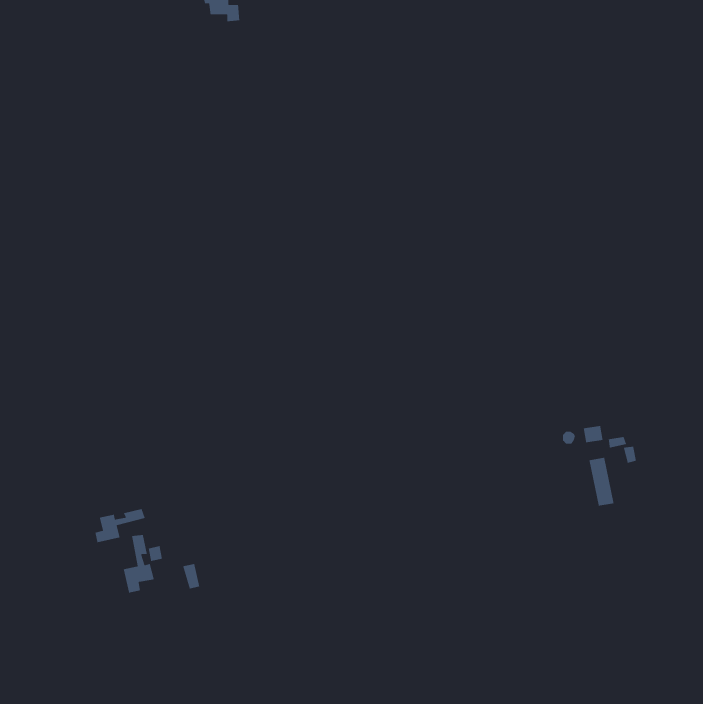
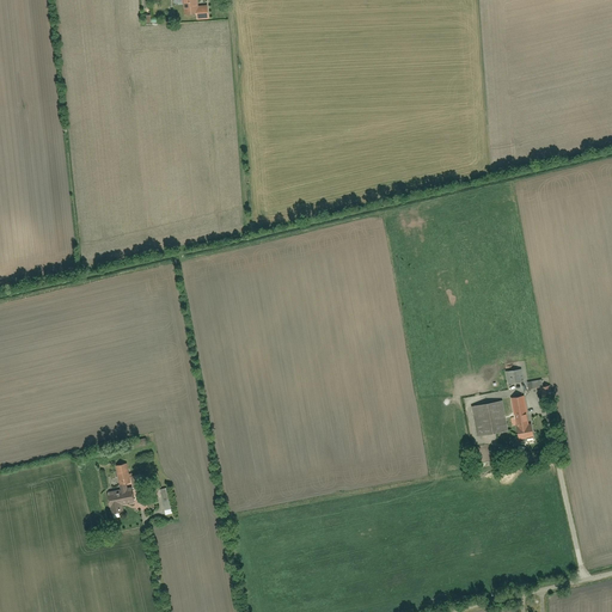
building: none -> [470,400,507,436]
building: [94,508,146,543] -> none

